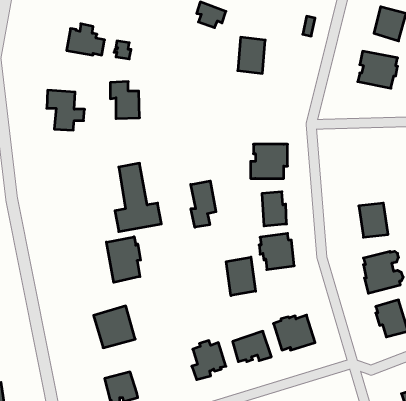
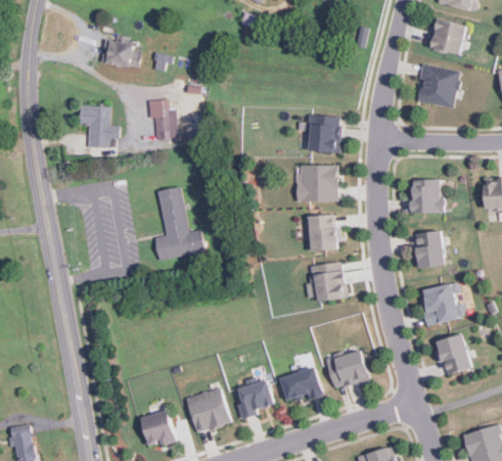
building: [238,37,265,73] -> [310,116,339,154]
building: none -> [412,178,445,211]
building: [191,181,216,227] -> none
building: [106,237,141,282] -> none
building: [226,257,256,296] -> none
building: [94,306,135,348] -> [185,385,230,430]

